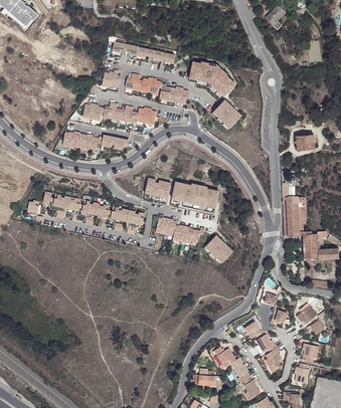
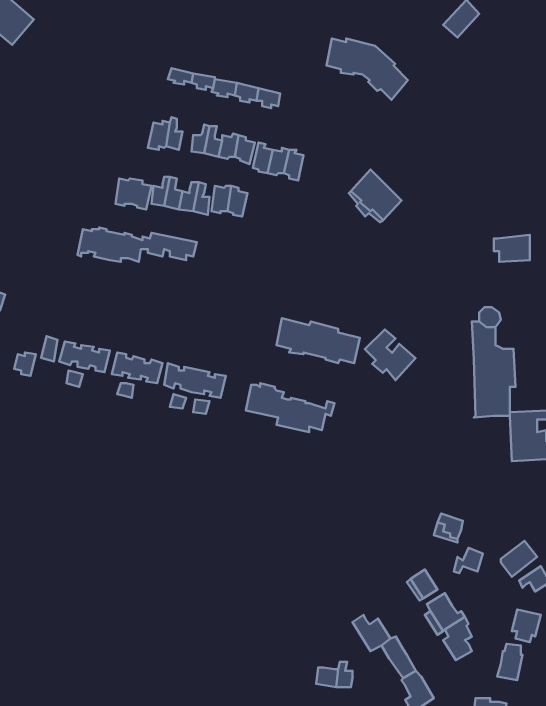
building: [189,60,234,94] -> [326,38,408,100]
building: [144,178,170,198] -> none
building: [204,235,232,263] -> [365,329,416,380]

